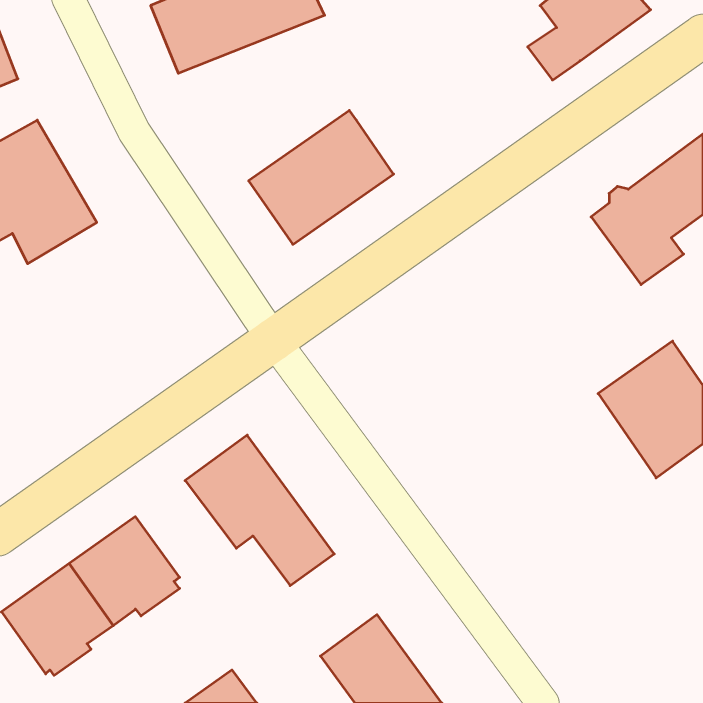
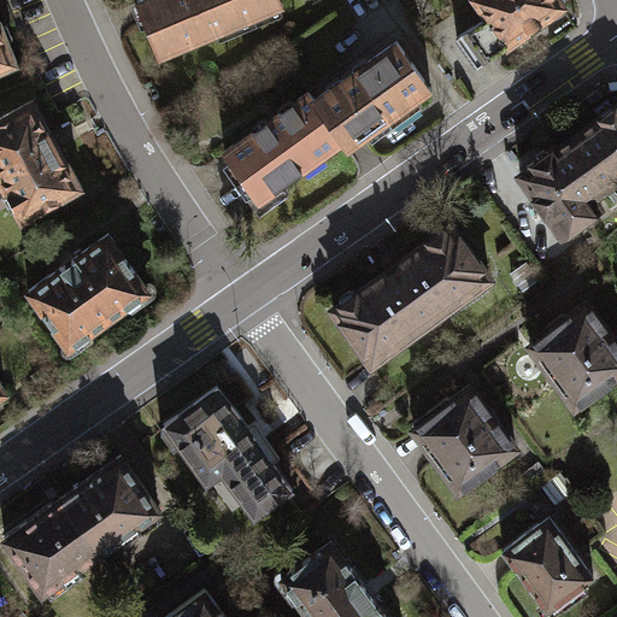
building: none -> [311,47,430,157]
building: none -> [324,222,500,378]
building: none -> [33,242,154,358]
building: none -> [404,383,519,500]
building: none -> [500,512,592,607]

